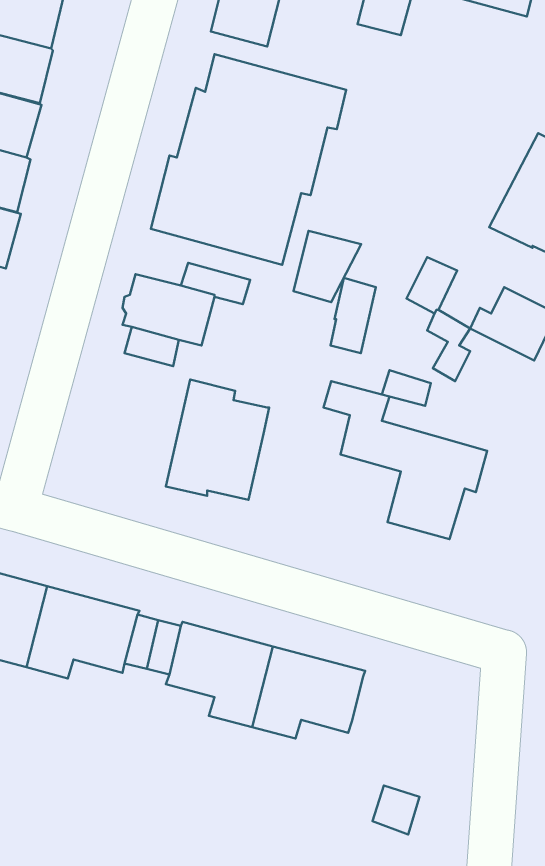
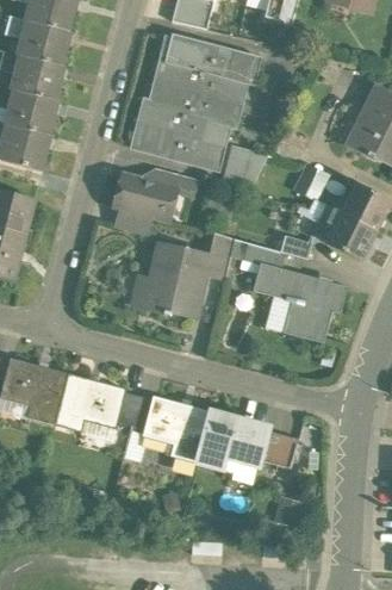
building: [331,278,376,353] -> [204,232,232,280]
building: none -> [325,209,375,259]
building: none -> [260,429,297,466]

